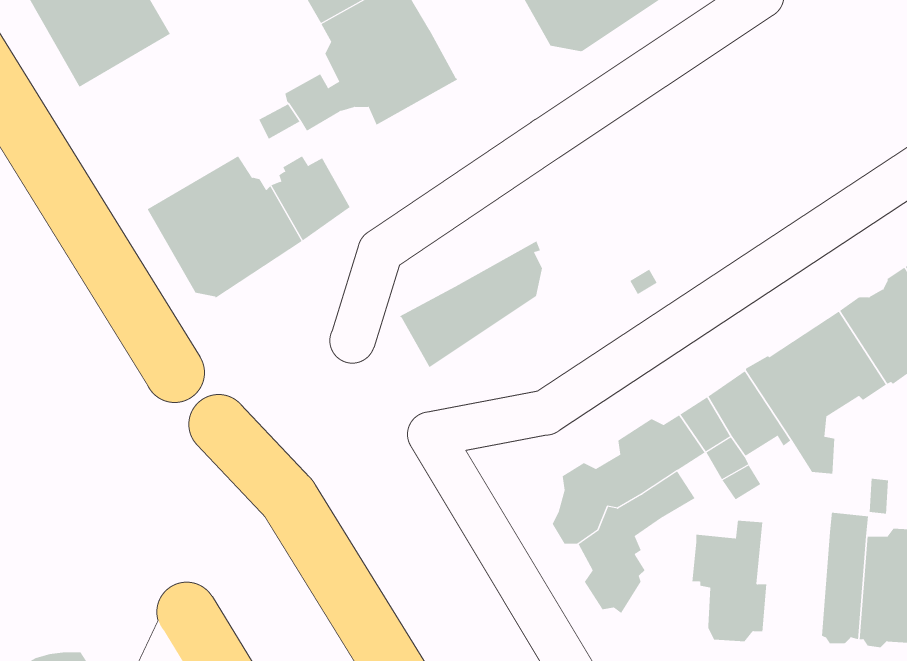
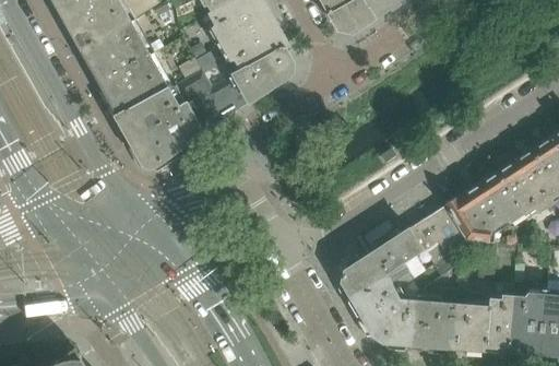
building: none -> [81,21,168,117]
building: [399,240,543,368] -> [213,46,292,116]
building: none -> [378,286,426,351]
building: none -> [452,288,491,357]

